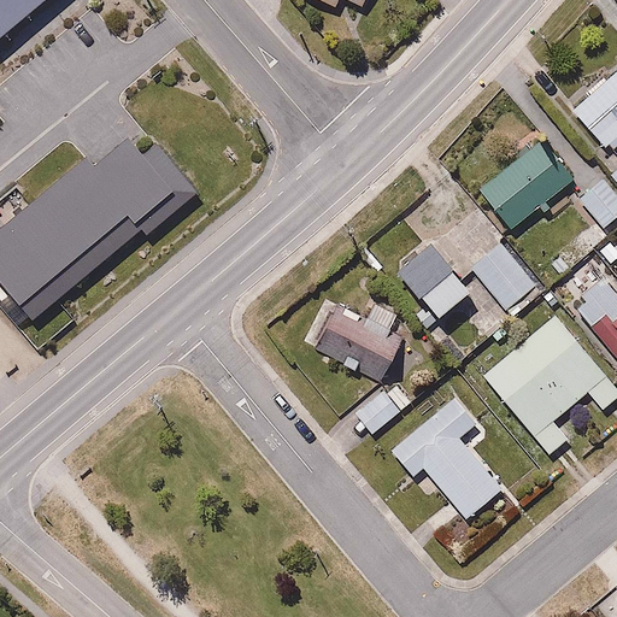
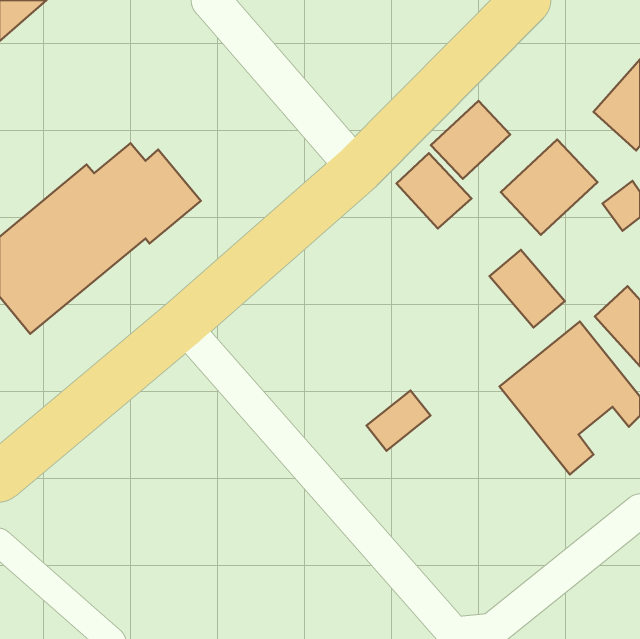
building: none -> [431,101,510,179]
building: [398,241,470,313] -> [396,153,472,229]
building: [319,301,404,370] -> none
building: [393,395,503,518] -> none

